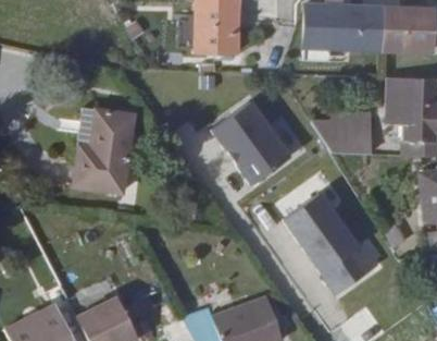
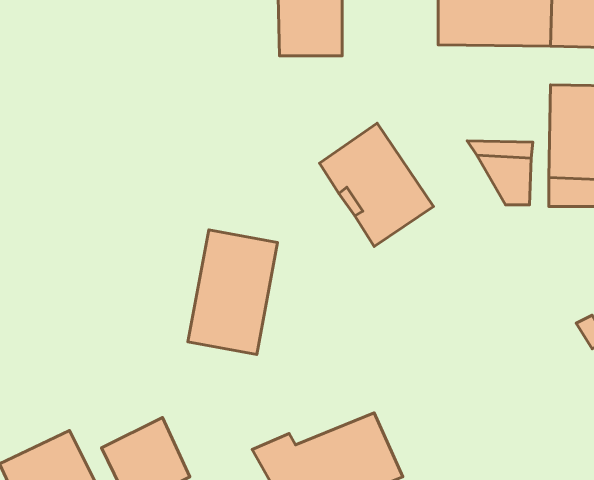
building: [75,106,136,191] -> [188,230,278,355]
building: [292,188,389,293] -> none

